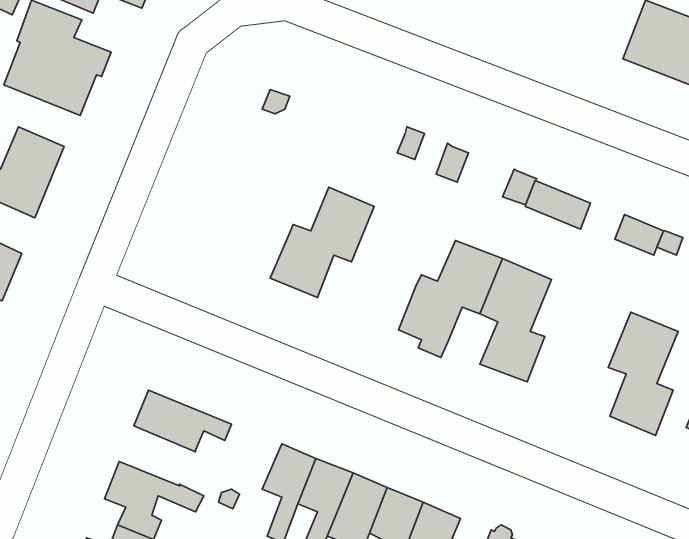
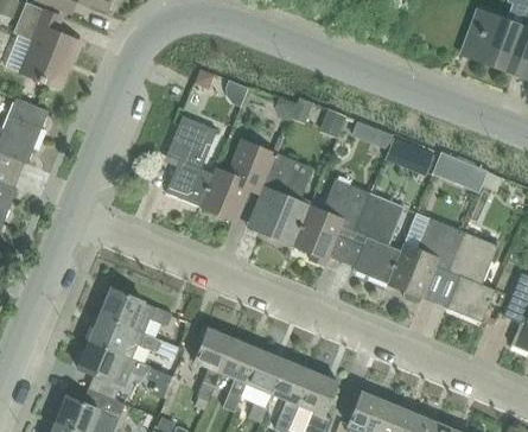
building: none -> [165,116,217,207]
building: none -> [247,154,311,244]
building: none -> [387,217,463,301]
building: none -> [89,315,161,358]

